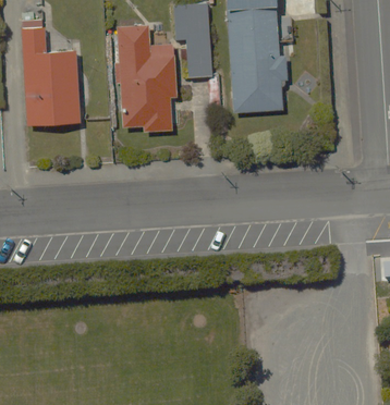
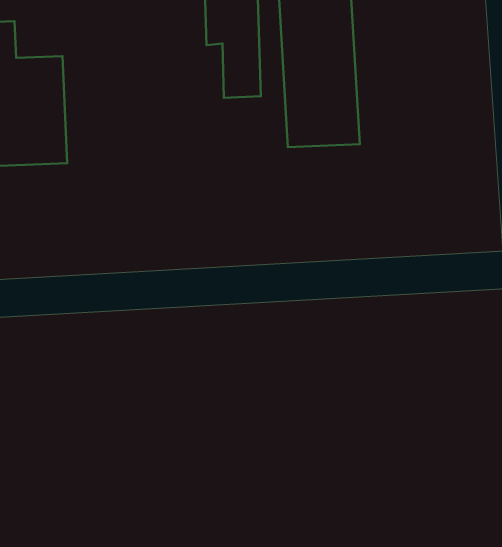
building: [117,26,176,133] -> none

